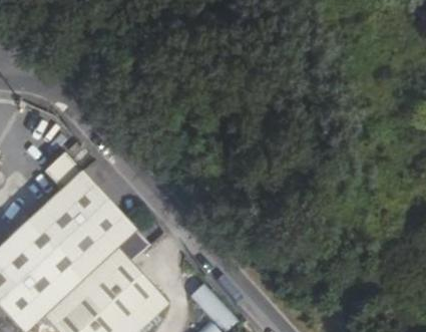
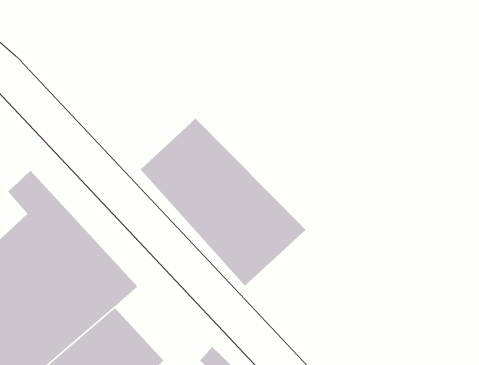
building: none -> [140,118,306,286]

